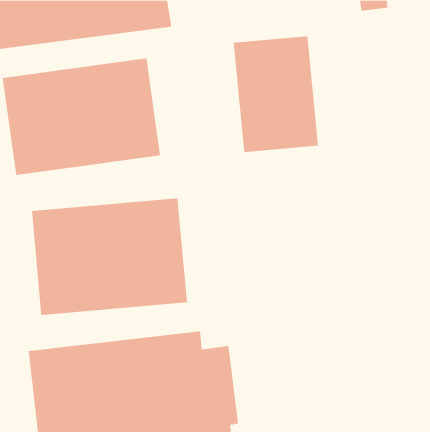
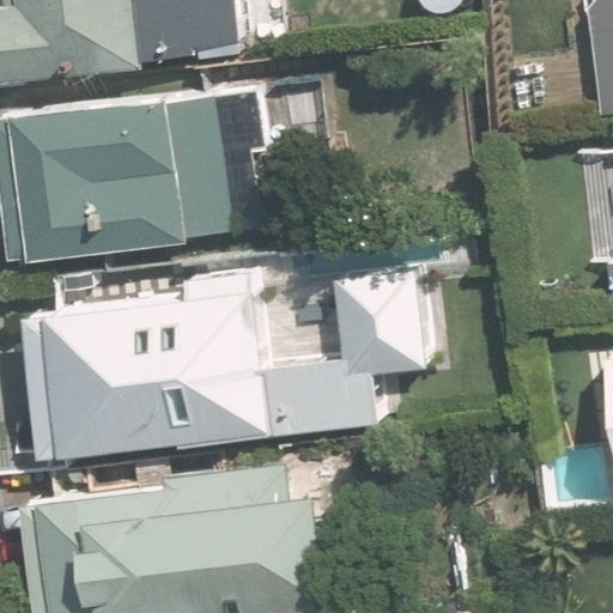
building: [233,35,318,153] -> none
building: none -> [257,269,423,437]

